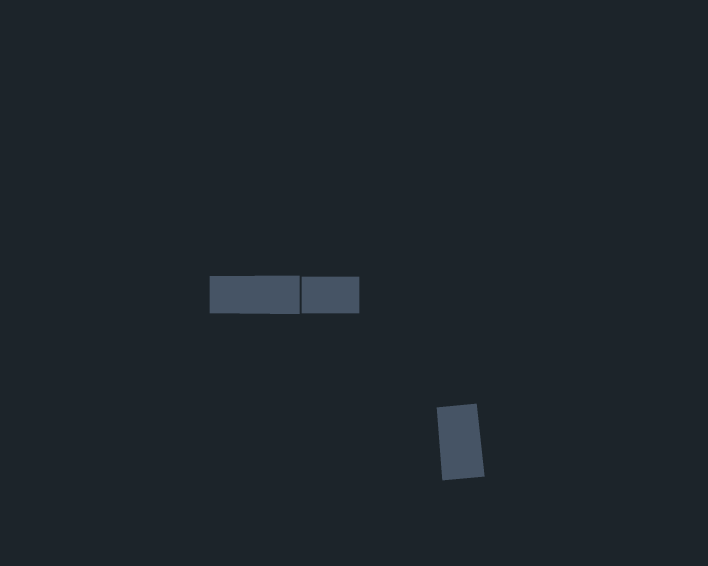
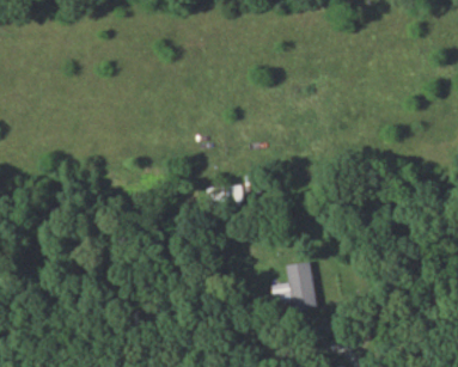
building: [209,275,300,315] -> none

